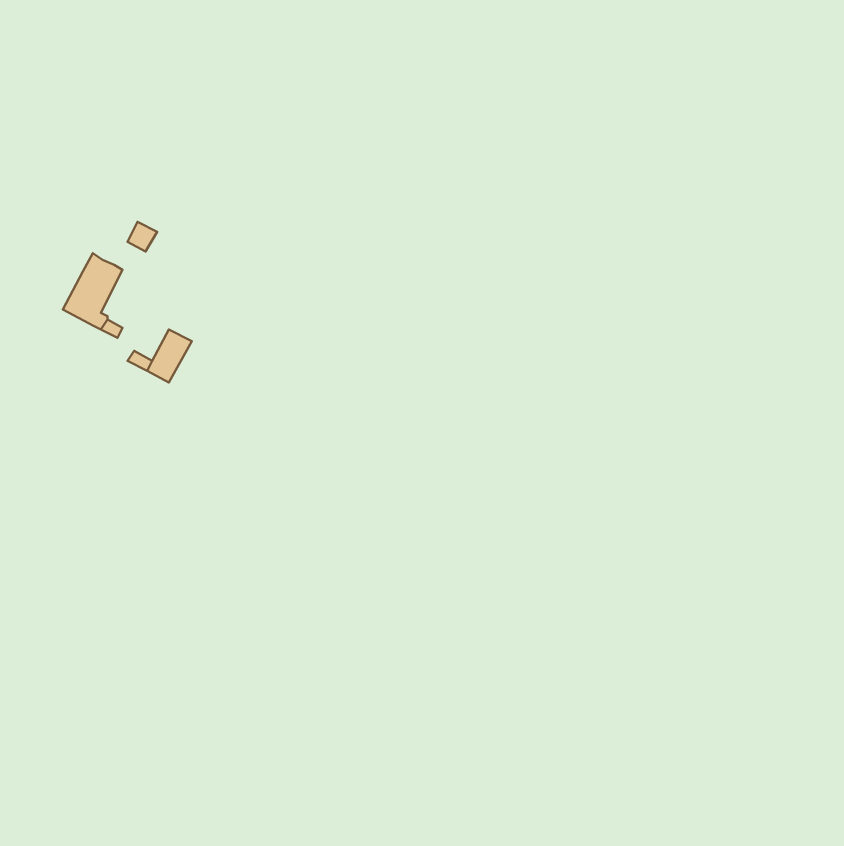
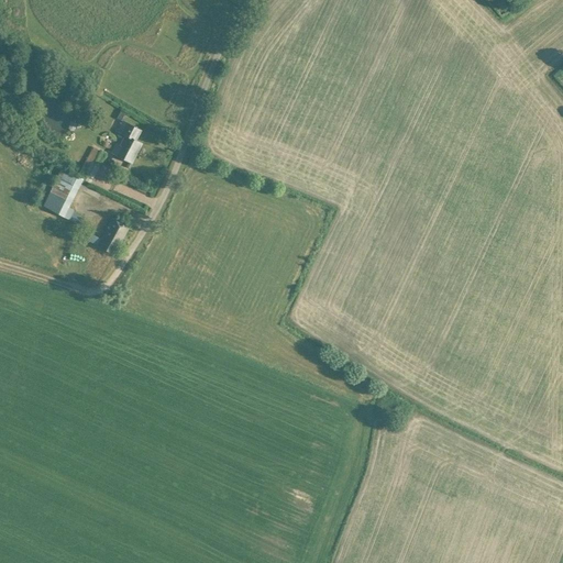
building: none -> [113,122,141,163]

